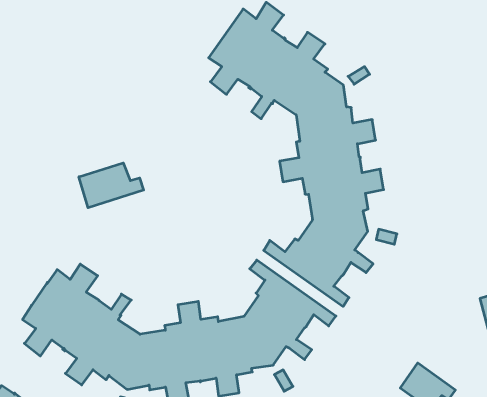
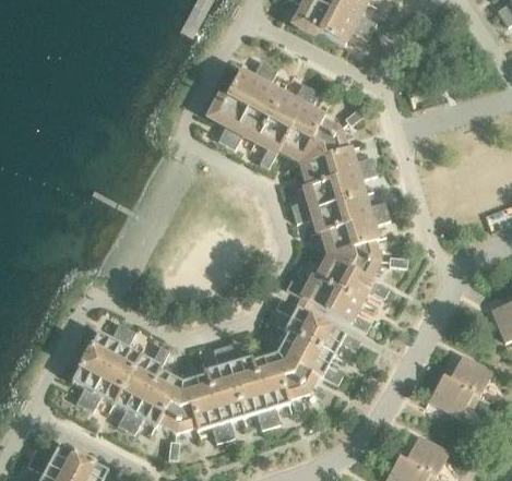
building: [79,163,144,208] -> none
building: none -> [441,356,492,397]

